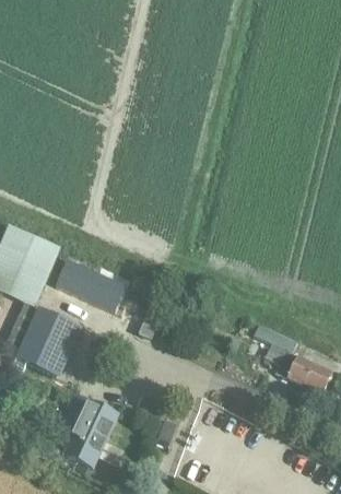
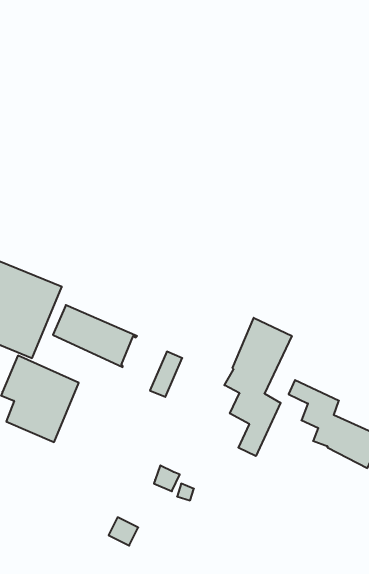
building: none -> [224,318,292,456]
building: [63,392,117,467] -> none

